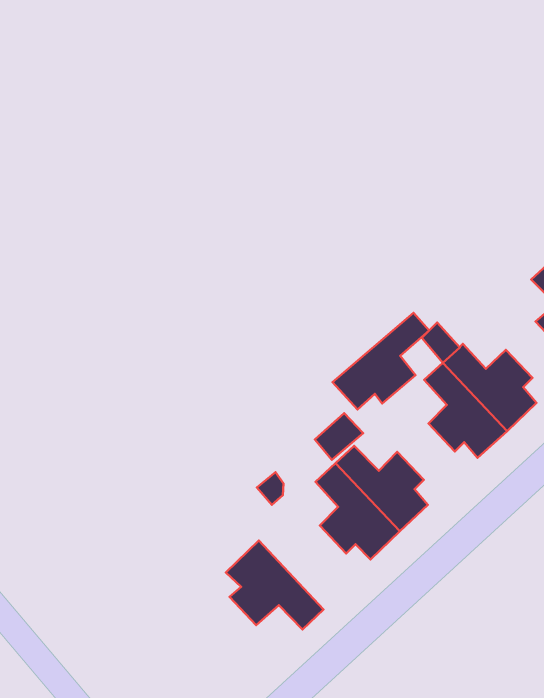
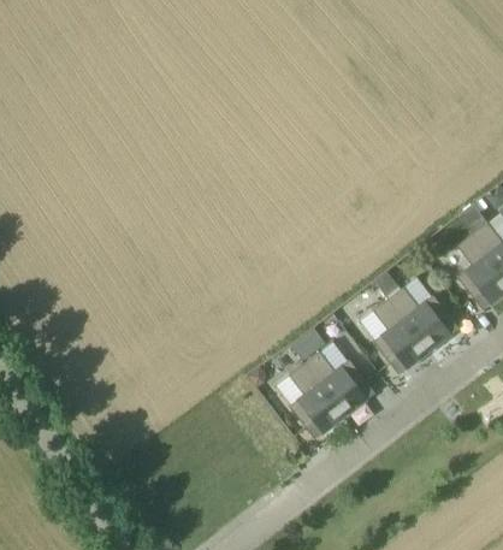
building: [333,313,429,410] -> none
building: [226,541,324,630] -> none

